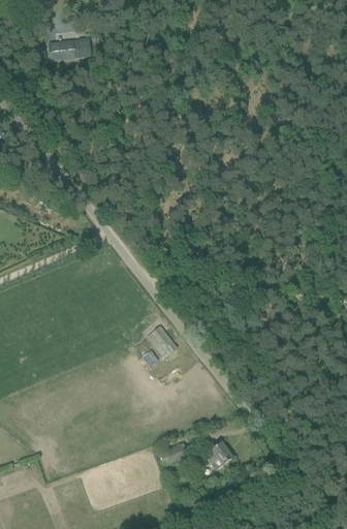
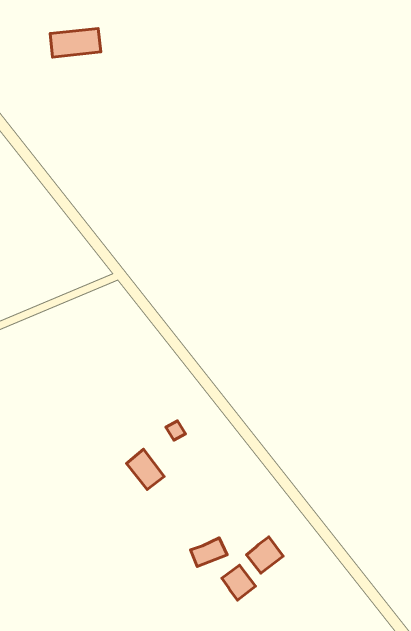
building: [147,325,177,357] -> [126,449,164,489]
building: none -> [222,565,256,600]

